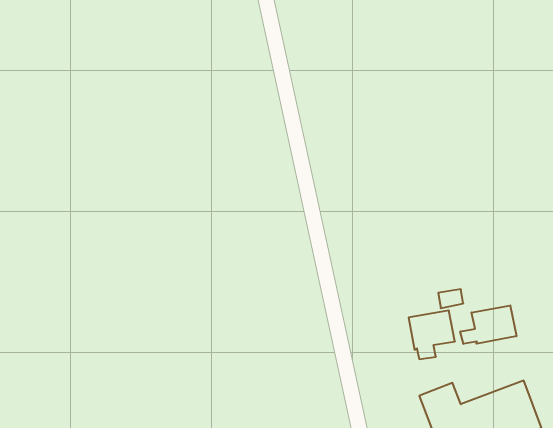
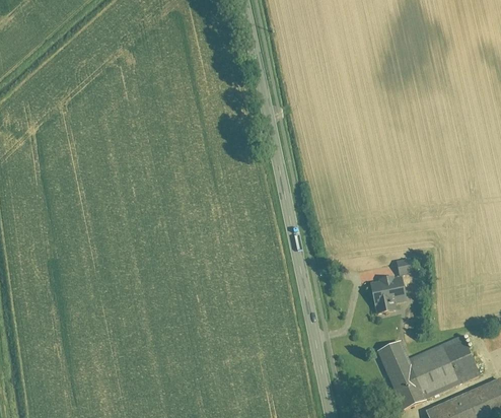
building: [460,305,516,344] -> none

